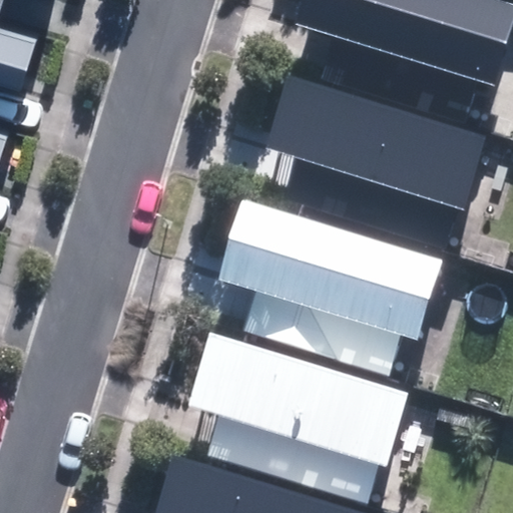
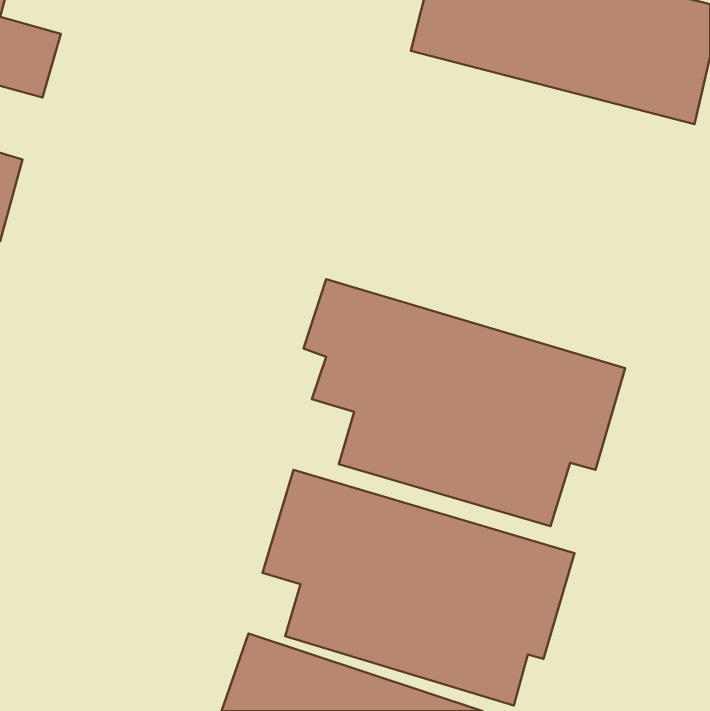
building: [267,68,486,213] -> none

